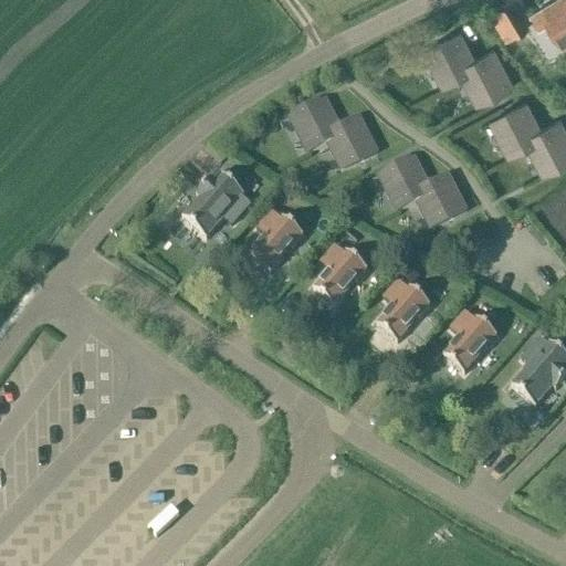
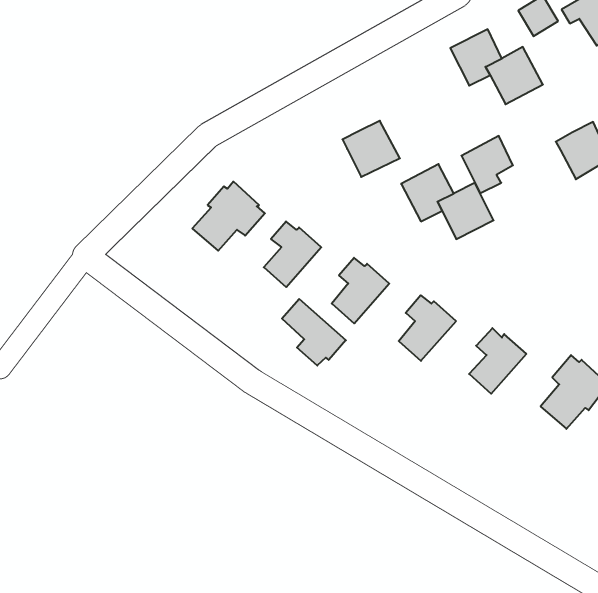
building: [290,96,339,150] -> none
building: [492,97,541,151] -> [461,136,513,193]
building: none -> [282,299,346,366]

